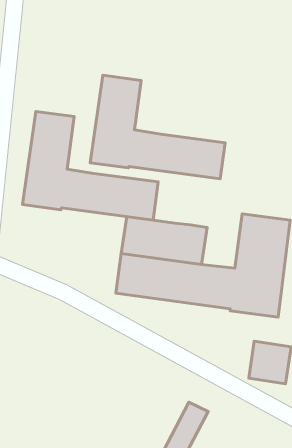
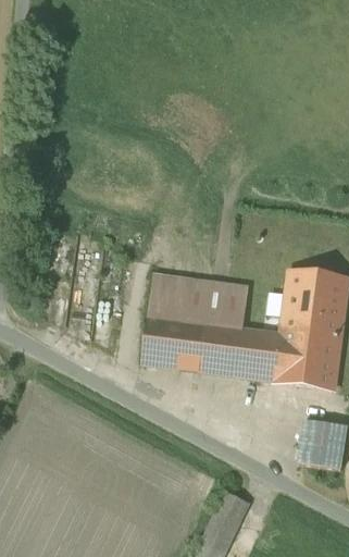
building: [90,75,225,179] -> none
building: [22,111,158,220] -> none

